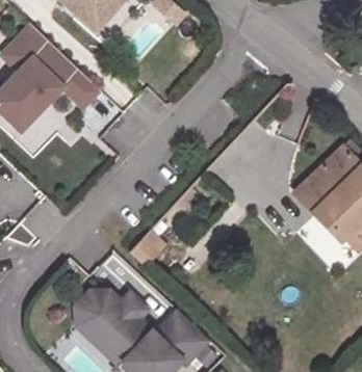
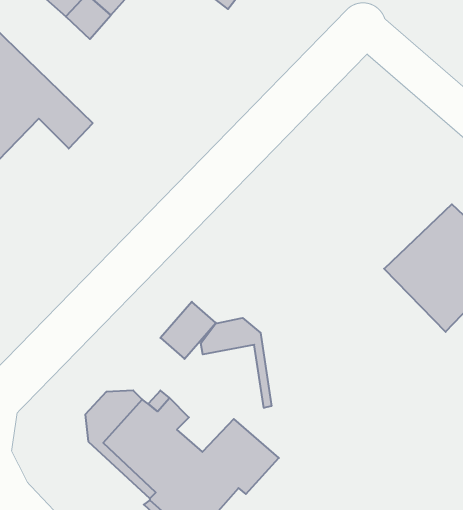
building: none -> [201,318,271,408]

